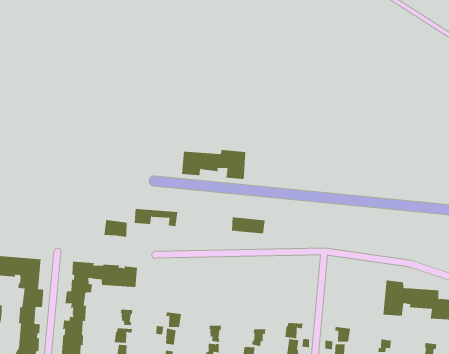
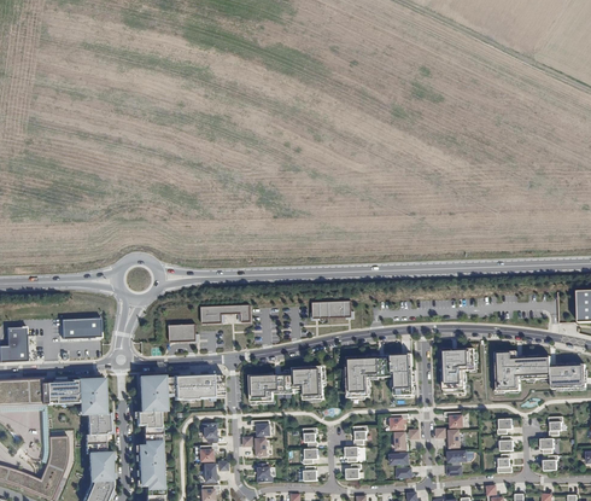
building: [181,150,246,179] -> [251,367,324,402]
building: none -> [62,319,101,339]
building: none -> [346,354,414,398]
building: none -> [441,348,475,394]

